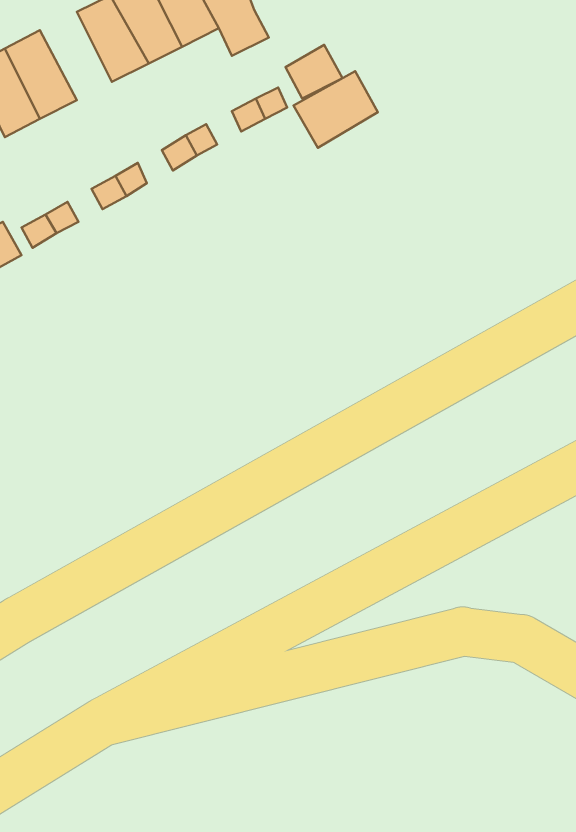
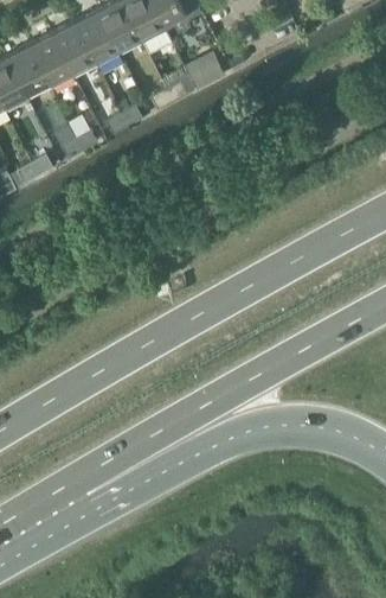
building: none -> [32,30,78,87]
building: [294,71,378,148] -> none

